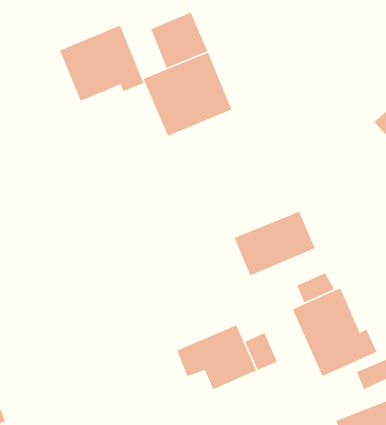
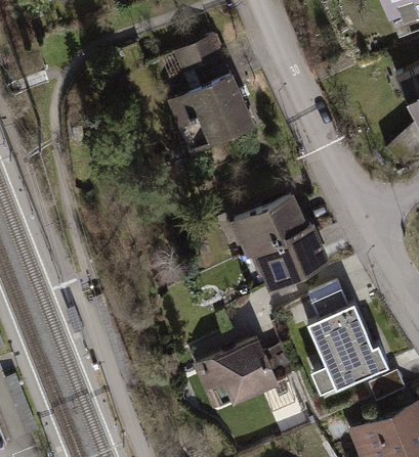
building: [59,25,144,102] -> none
building: none -> [229,197,307,260]

